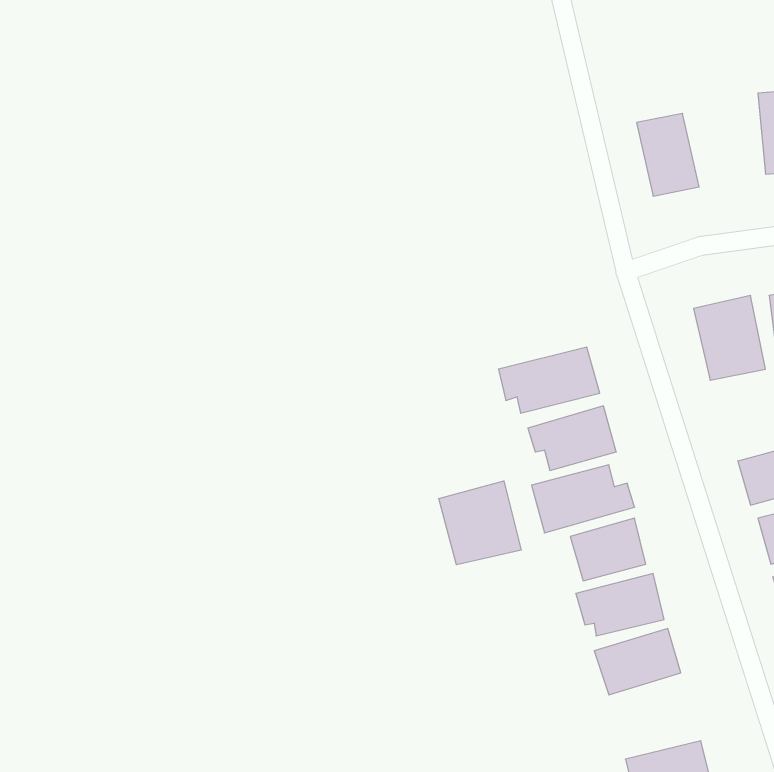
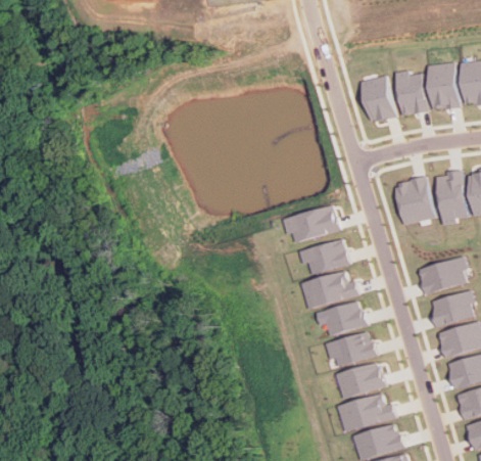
building: none -> [395,71,428,116]
building: [439,481,521,565] -> none
building: none -> [340,394,396,431]

